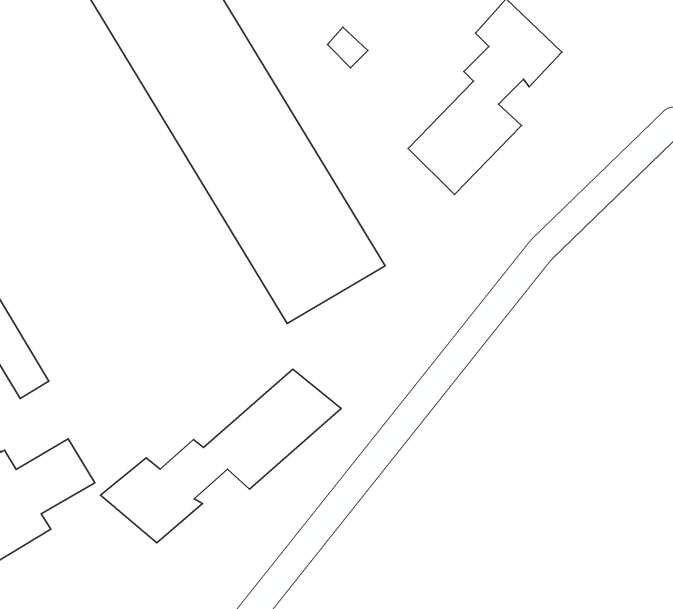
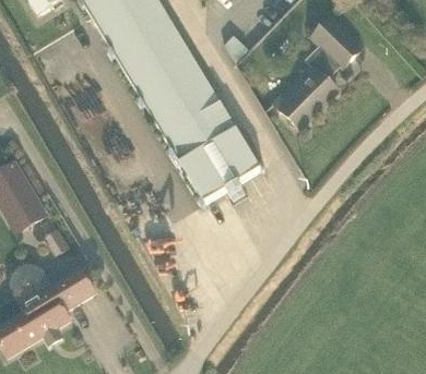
building: [100,369,341,543] -> none

